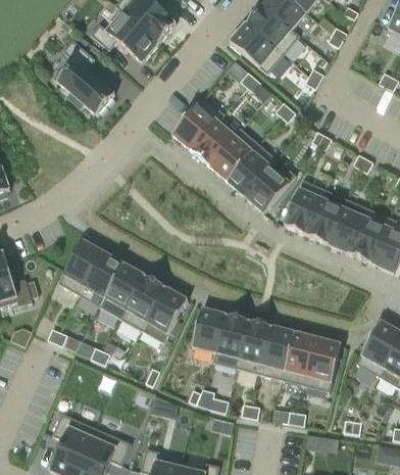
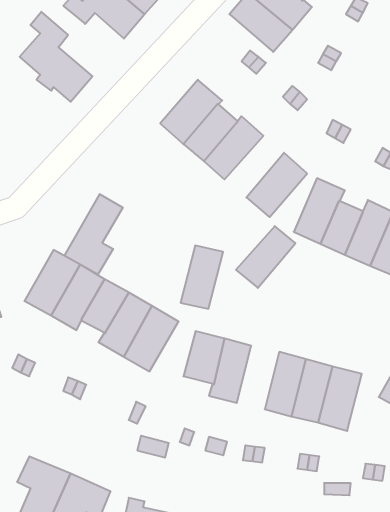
building: [226,144,276,196] -> [236,226,295,288]
building: none -> [65,194,123,274]
building: [236,321,271,374] -> [181,246,223,309]

